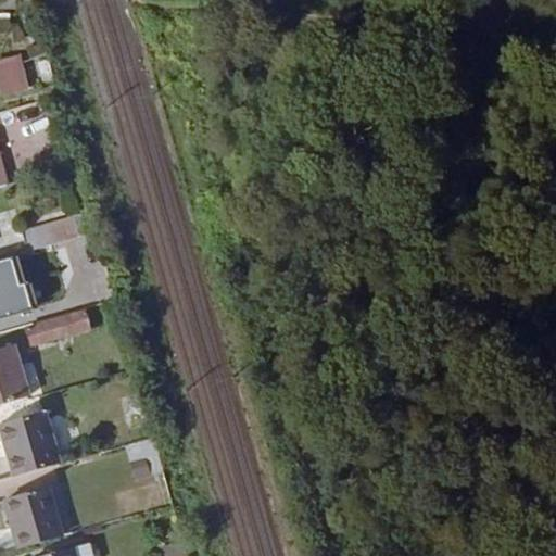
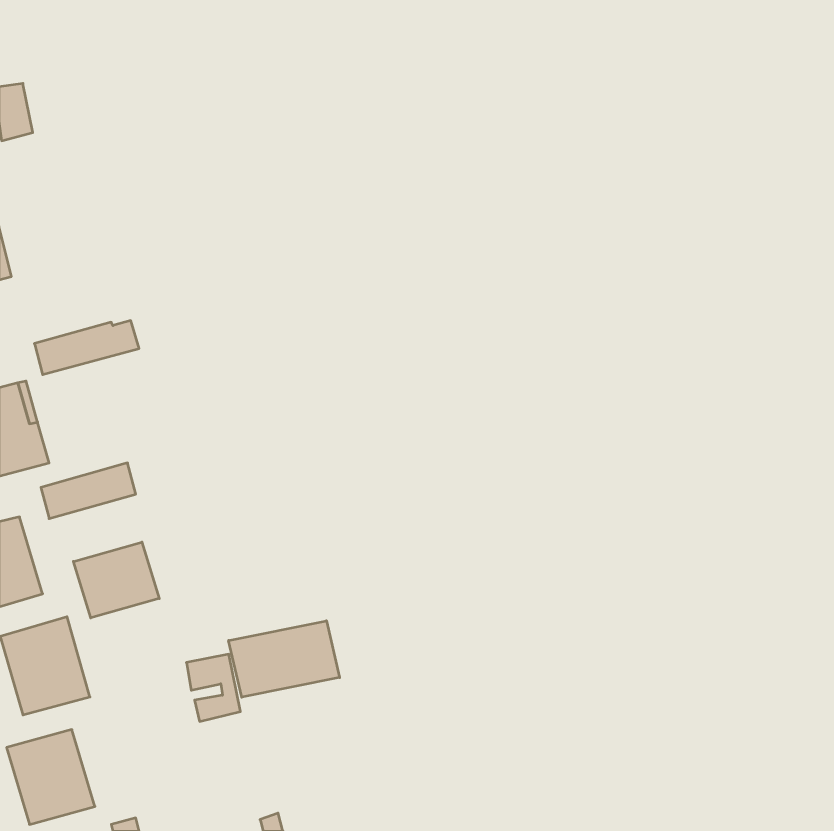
building: none -> [73,542,159,618]
building: none -> [229,621,340,697]

